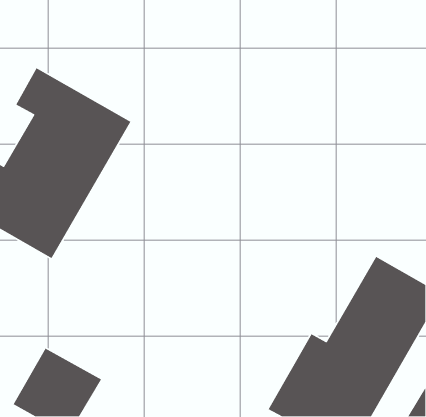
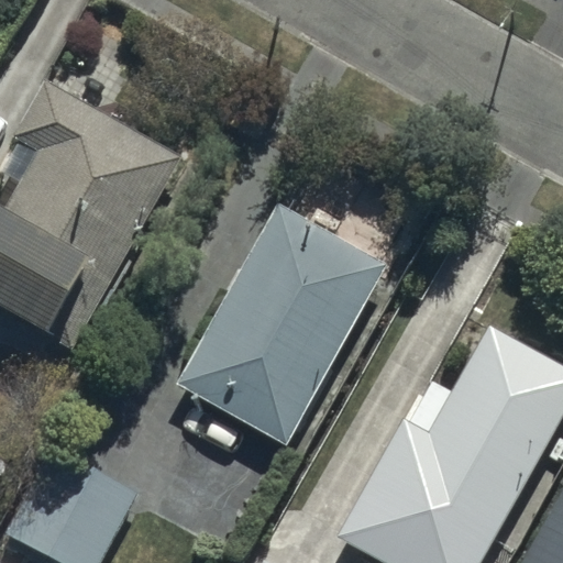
building: none -> [185,212,377,438]

